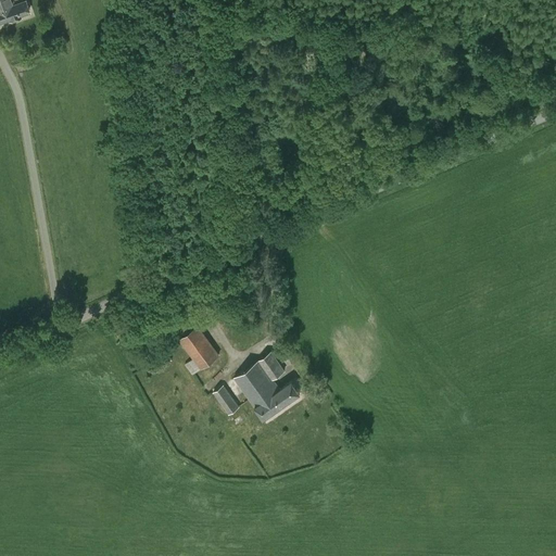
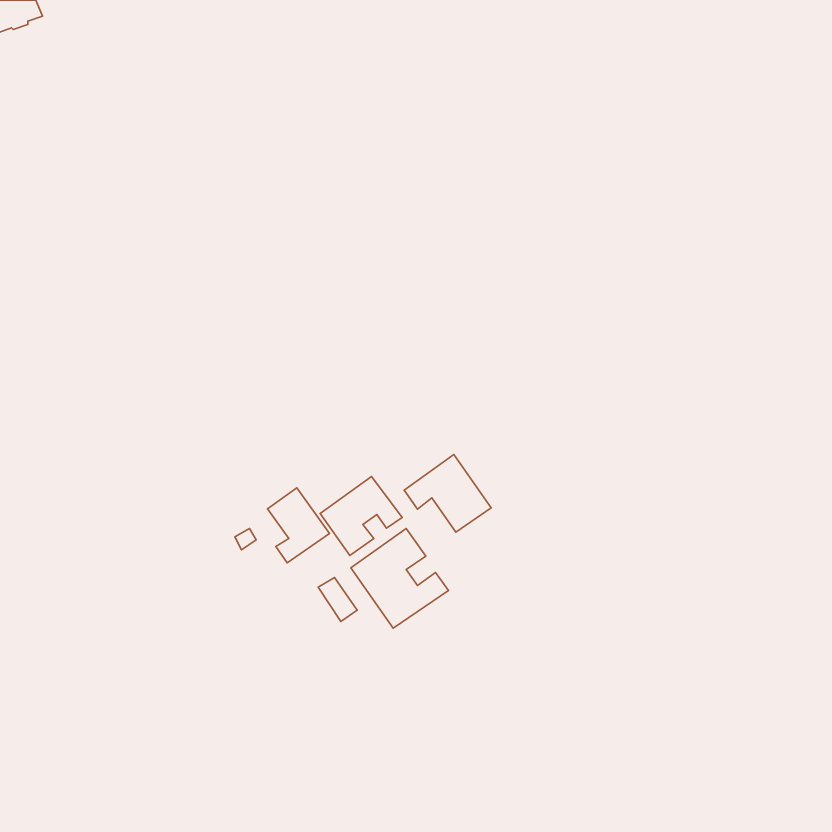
building: none -> [404,454,491,532]
building: none -> [320,477,402,556]

